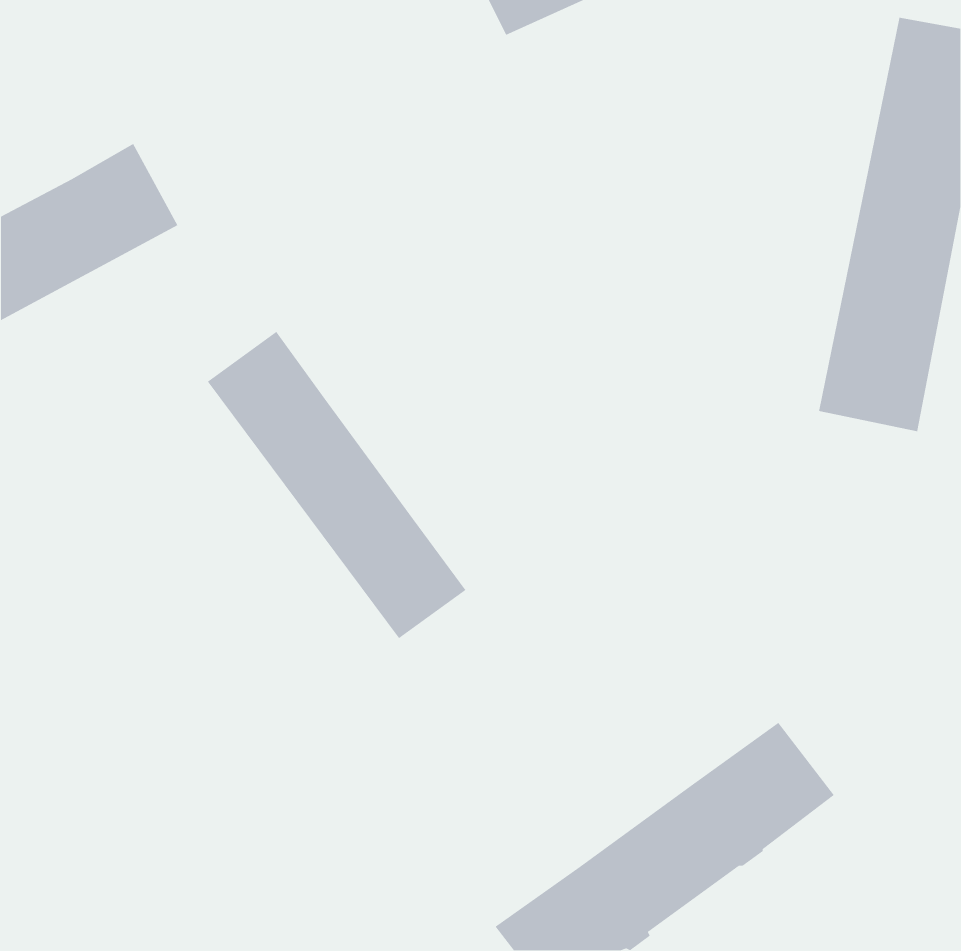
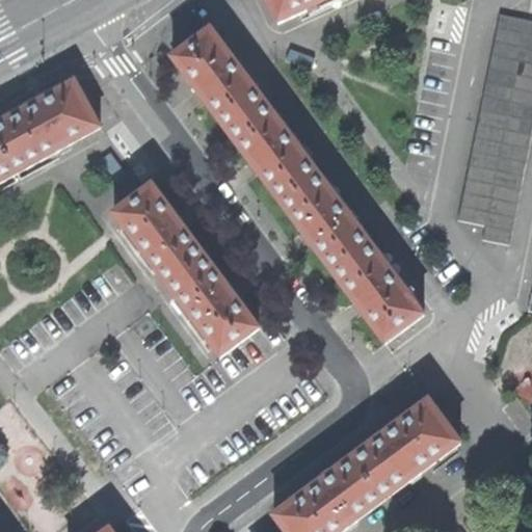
building: none -> [174,28,425,341]

